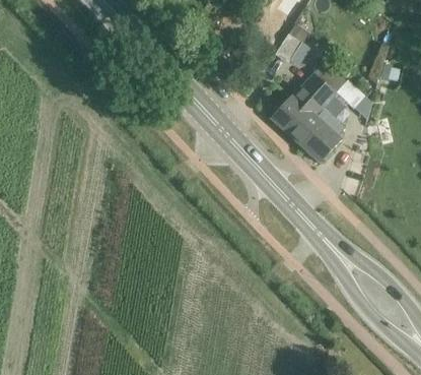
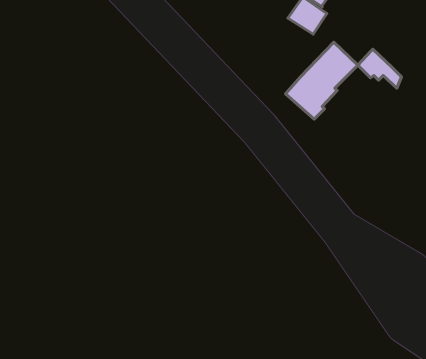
building: [297,106,345,162] -> none

